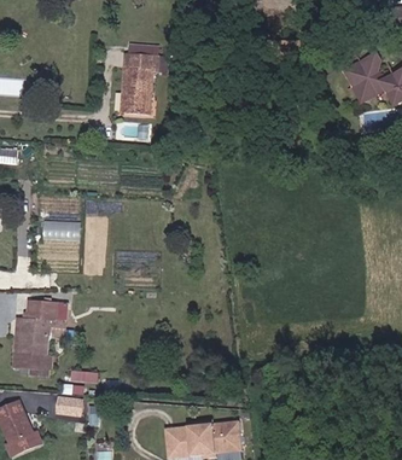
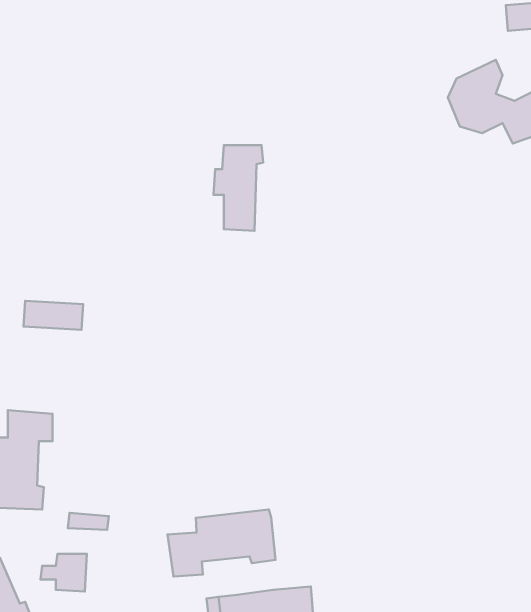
building: [122,54,157,115] -> [214,145,263,231]
building: none -> [167,509,275,577]

